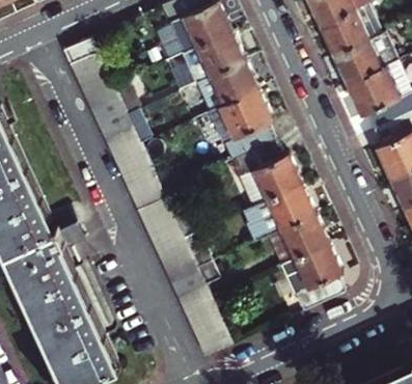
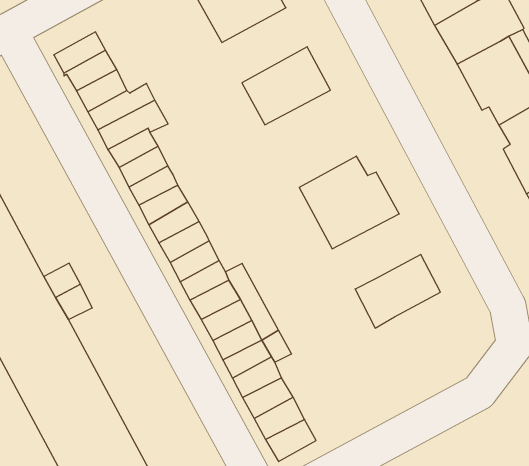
building: [183,35,244,87] -> none
building: [210,97,274,165] -> none
building: [242,189,315,246] -> none
building: [279,247,345,317] -> none

